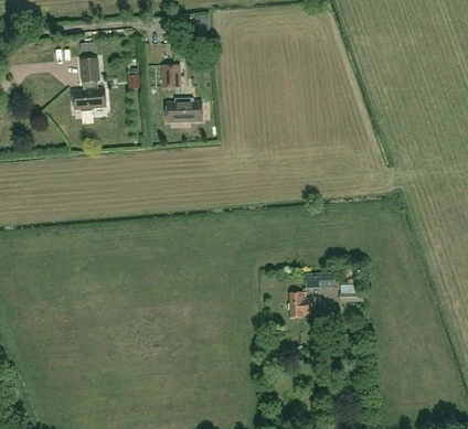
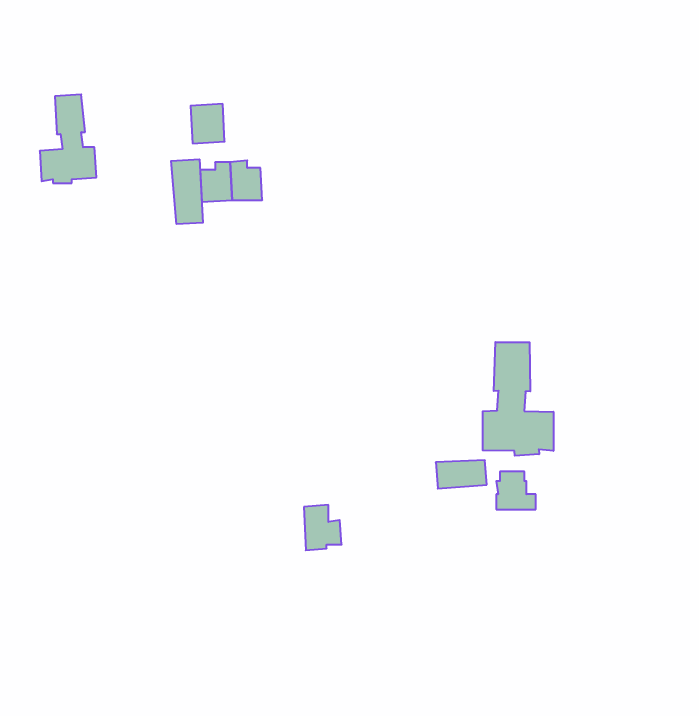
building: none -> [171,159,203,224]
building: none -> [483,342,553,456]
building: [288,292,310,319] -> [304,505,342,550]

